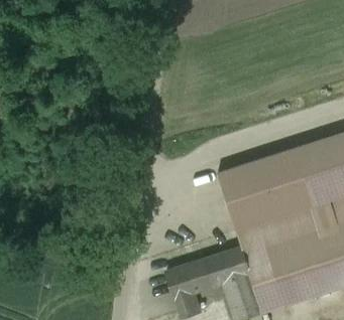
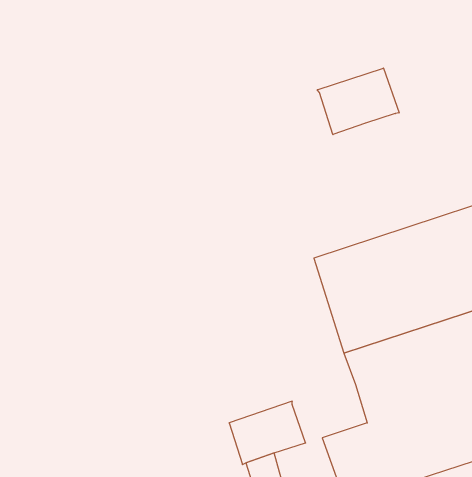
building: none -> [317,68,399,135]
building: [203,250,248,285] -> none

